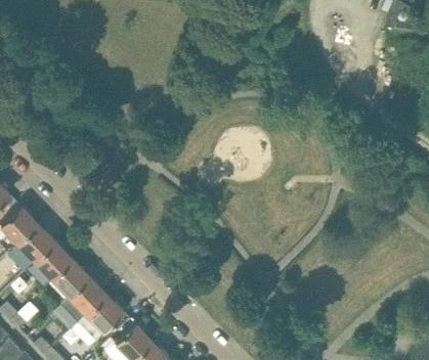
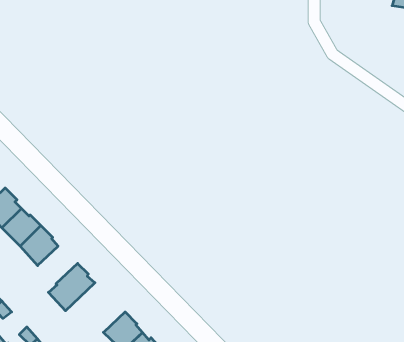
building: [50,260,88,296] -> none
building: [77,295,123,339] -> none

